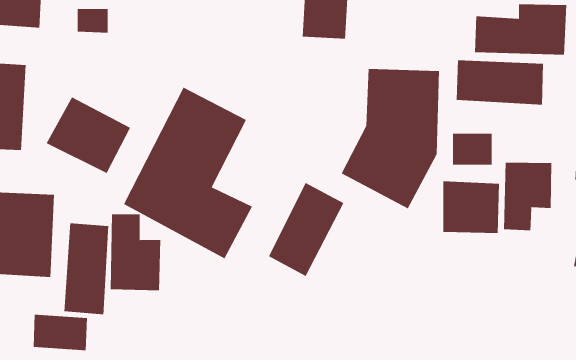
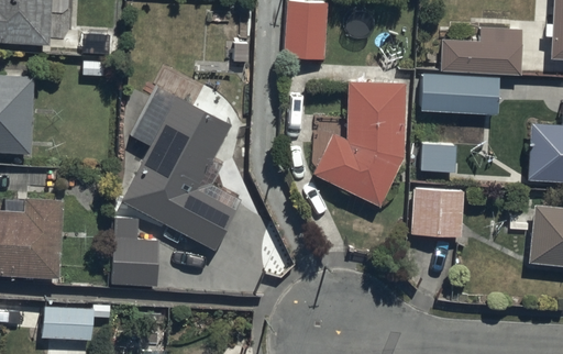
building: [46,97,131,174] -> none
building: [504,162,552,231] -> none
building: [268,182,344,277] -> none
building: [64,222,109,315] -> none

